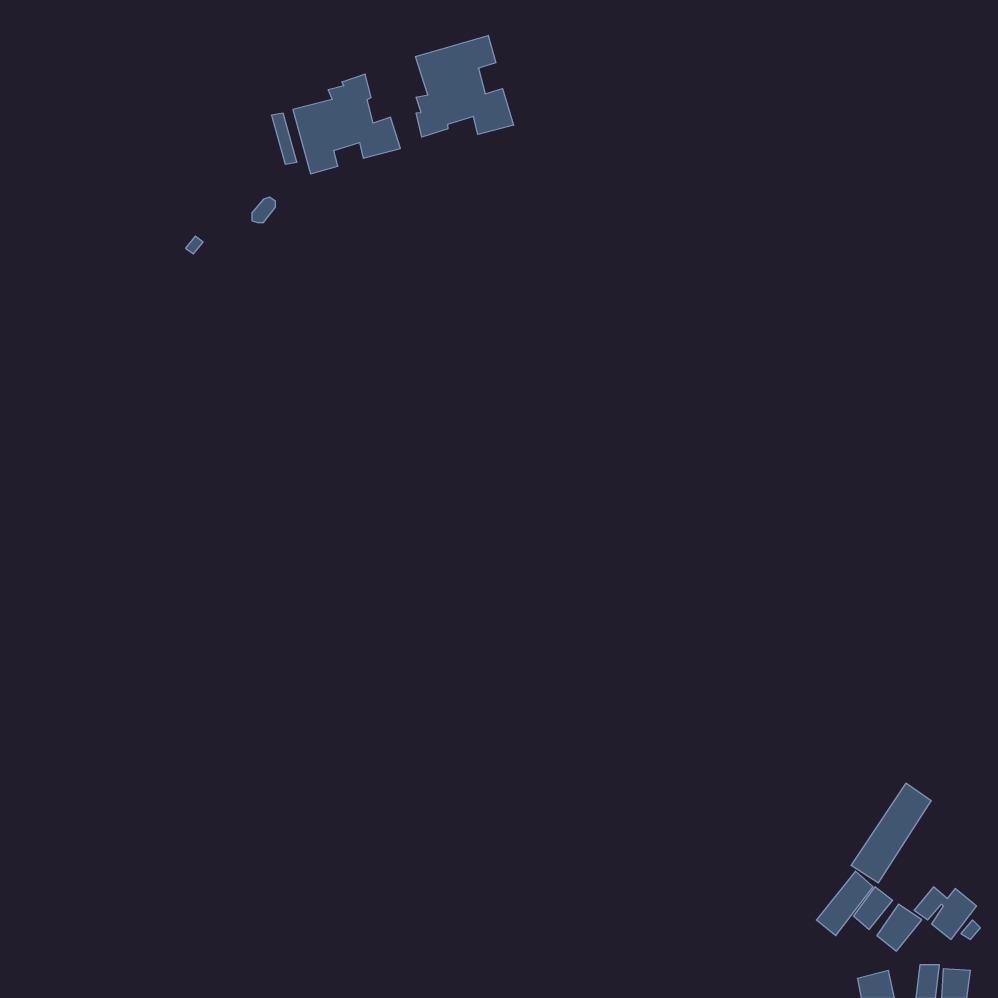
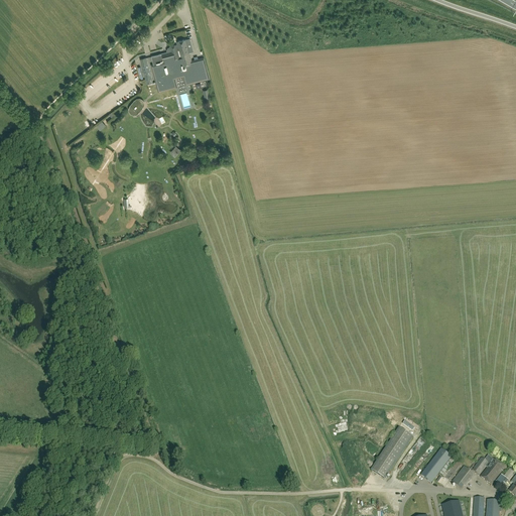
building: [416,35,514,137] -> none
building: [851,783,931,883] -> [371,427,412,479]

